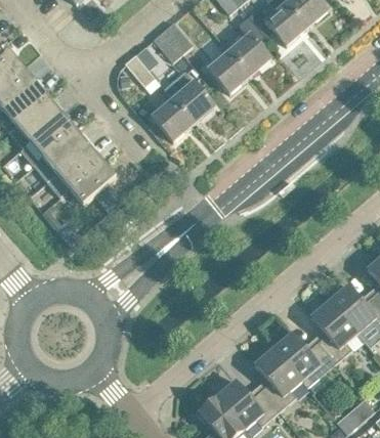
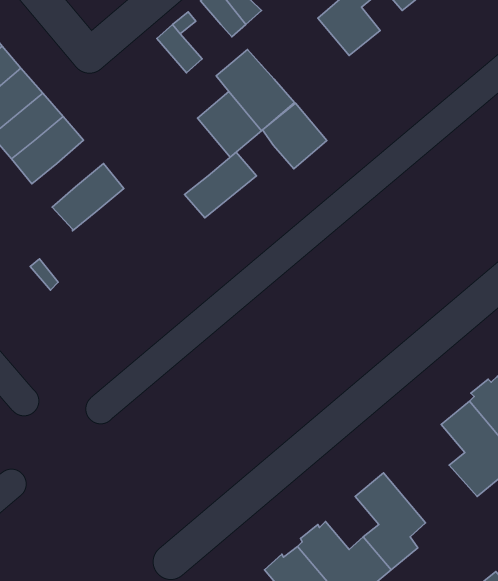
building: [209,50,251,93] -> [263,103,327,169]
building: [43,130,90,174] -> none
building: [70,162,117,205] -> [185,152,257,218]
building: [273,333,335,388] -> none

